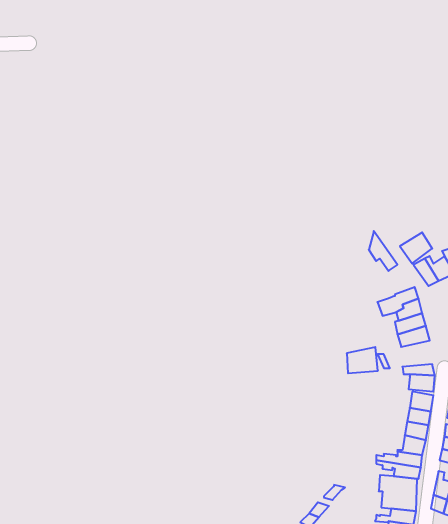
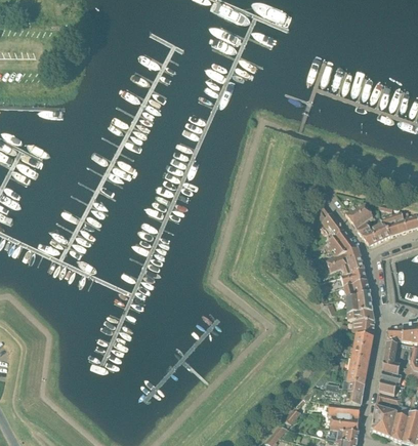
building: none -> [327,231,357,258]
building: [347,347,378,373] -> [345,293,371,315]

